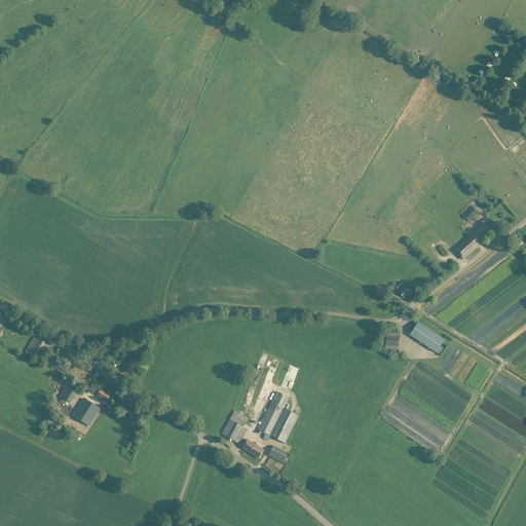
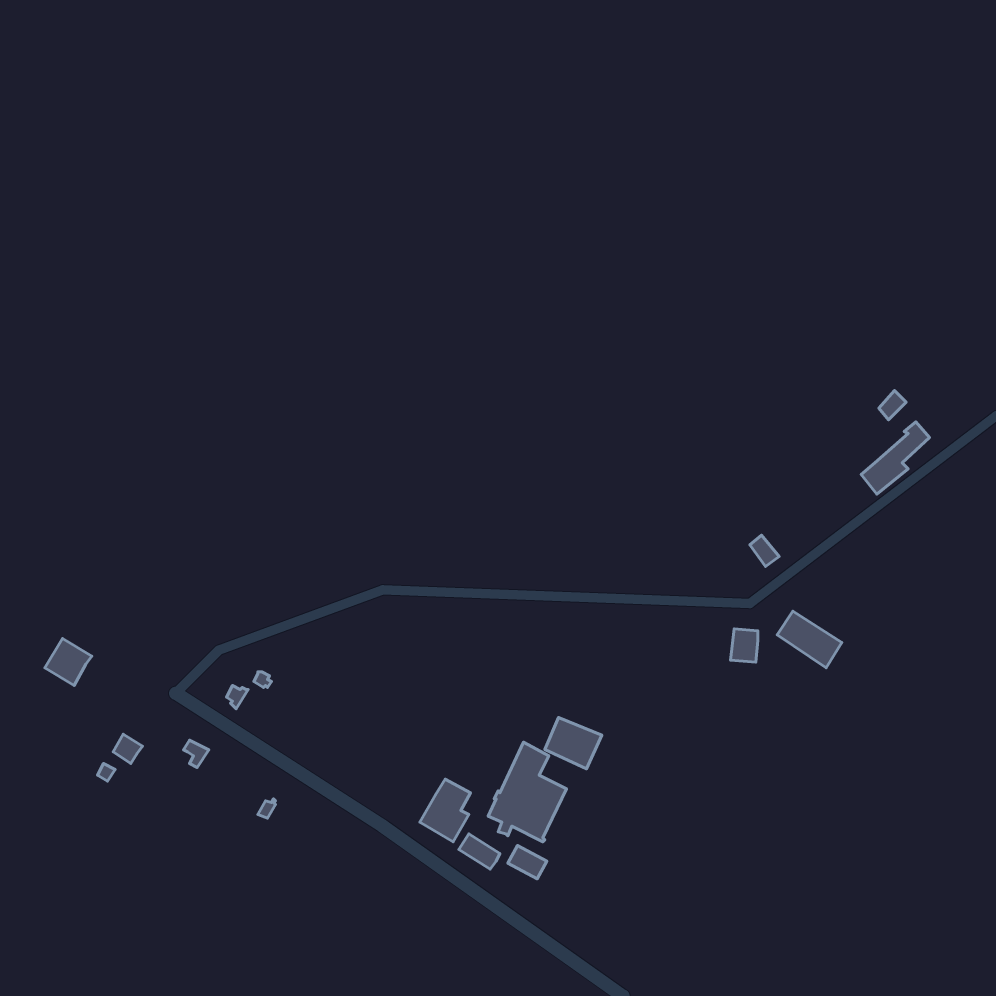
building: none -> [545,717,602,769]
building: [73,398,100,425] -> none

